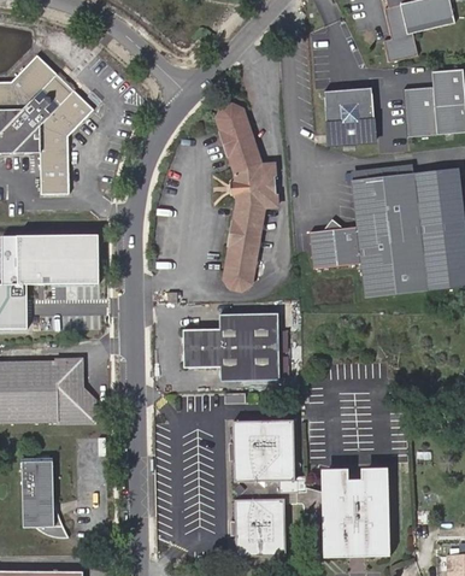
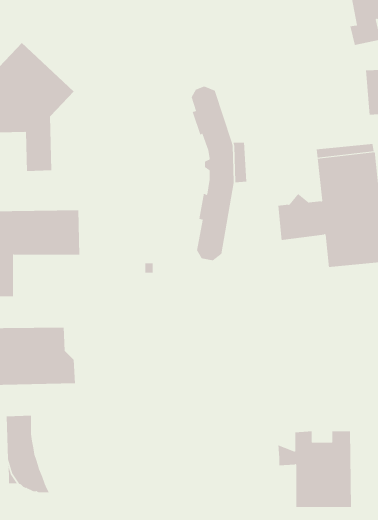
building: [318,83,379,143] -> none
building: [183,312,278,381] -> none
building: [232,419,311,556] -> none

